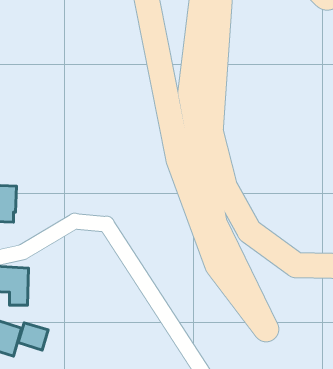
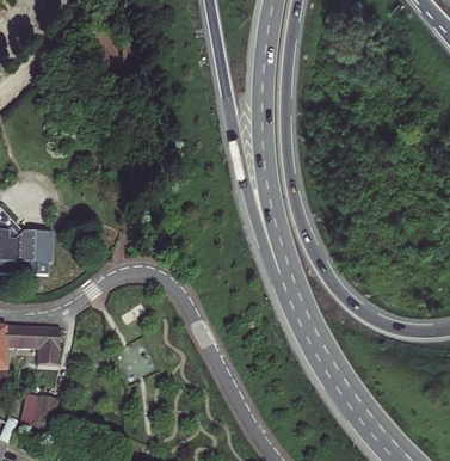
building: [18,323,48,350] -> none

